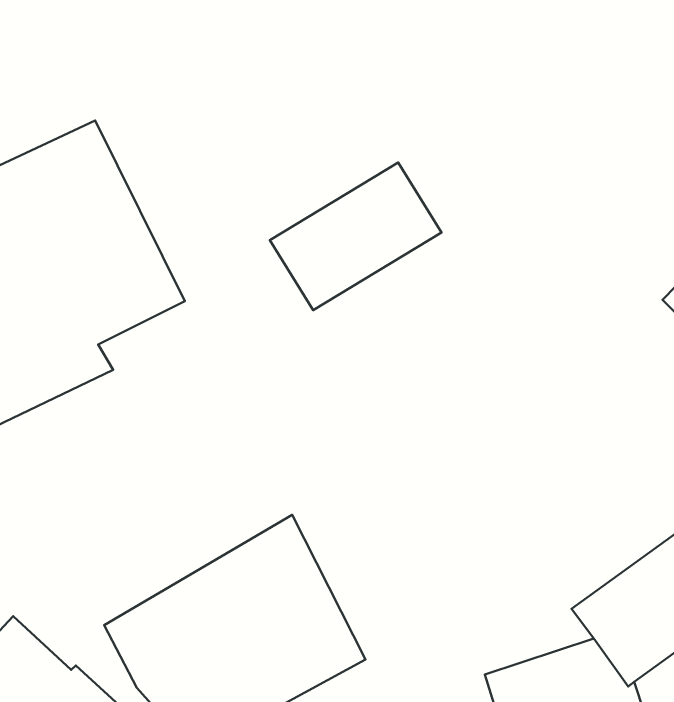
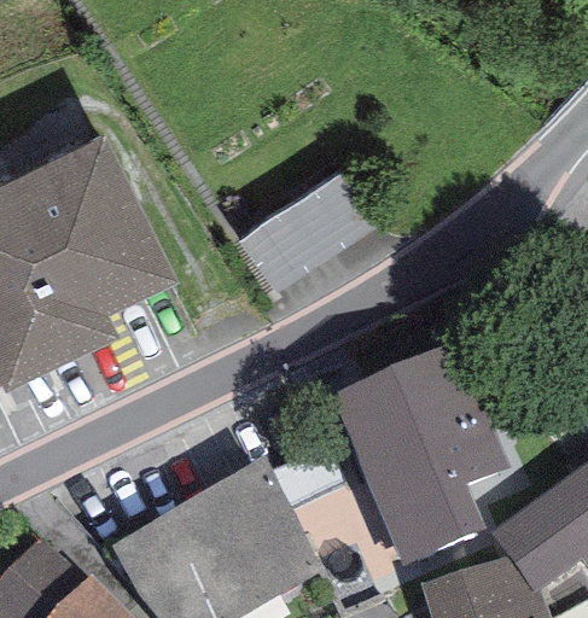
building: none -> [330,343,507,566]

